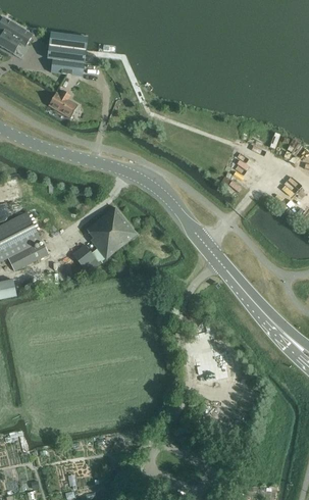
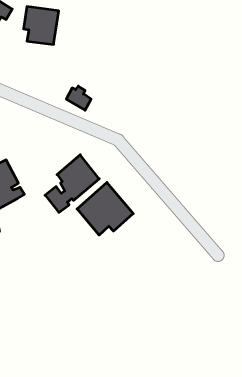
building: [48,89,78,117] -> [66,86,91,110]
building: none -> [77,182,133,235]

